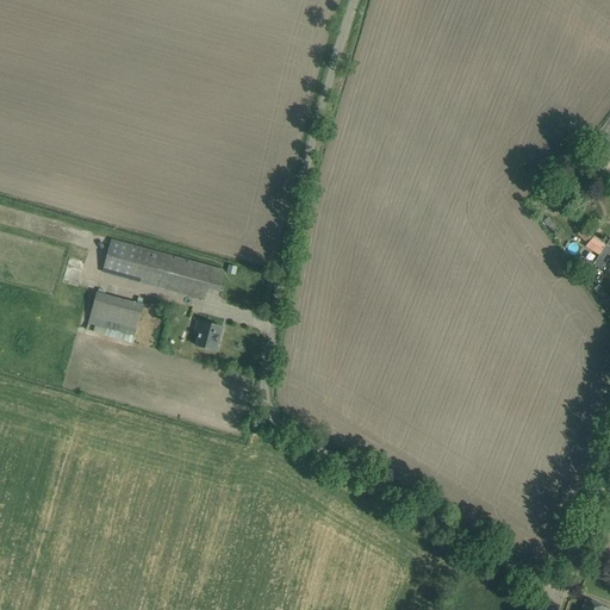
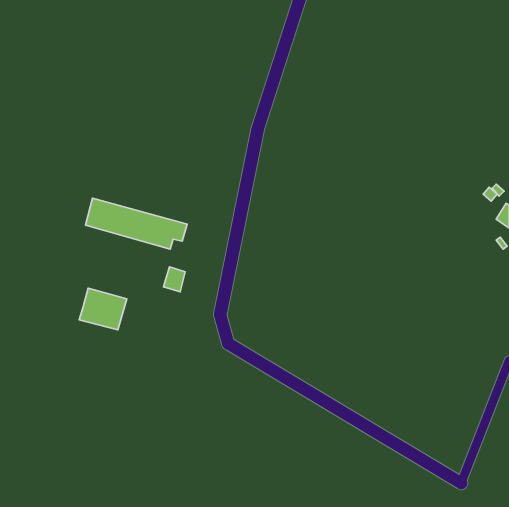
building: [86,291,143,341] -> [79,288,127,330]

